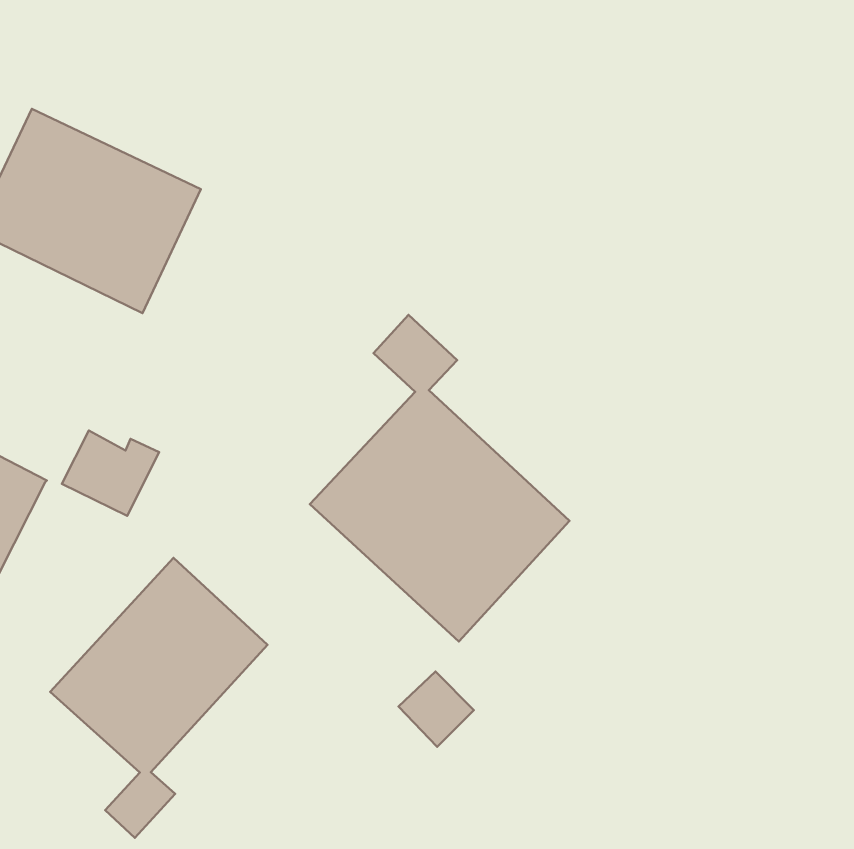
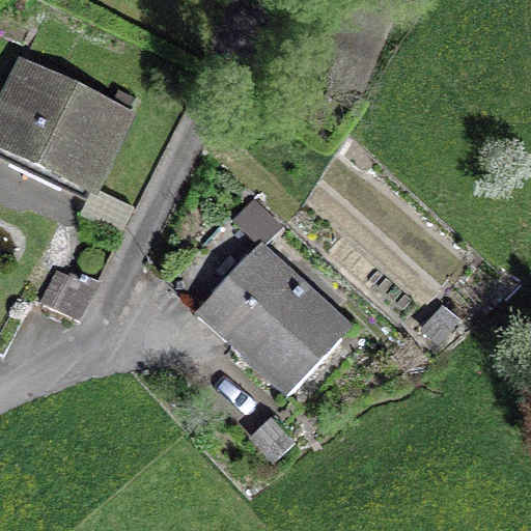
building: [50,558,267,838] -> none

